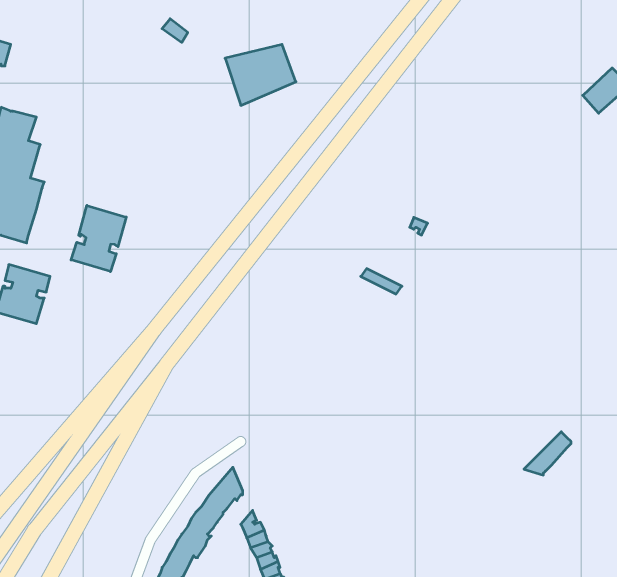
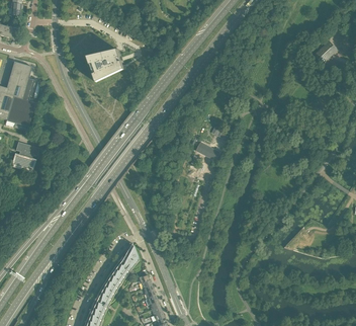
building: [225,44,296,105] -> [87,49,123,80]
building: [71,205,126,272] -> none

